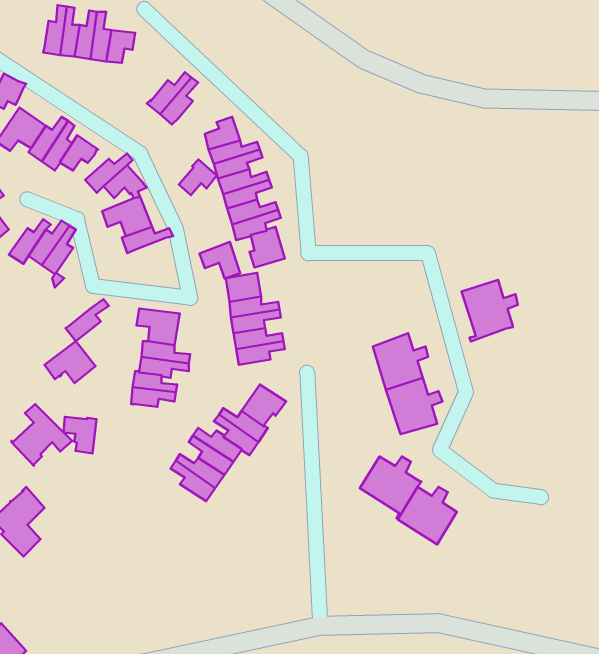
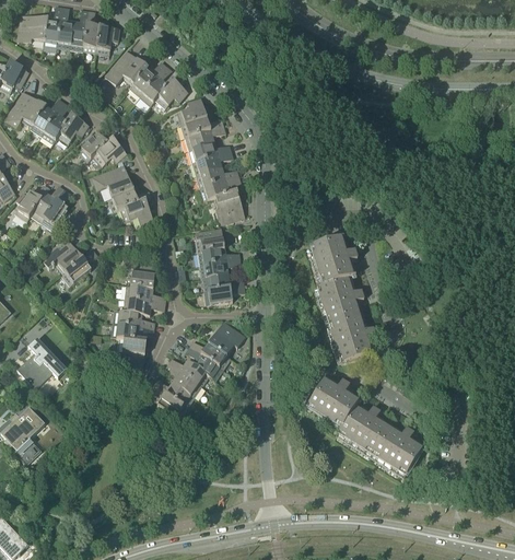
building: none -> [17,13,48,42]
building: none -> [105,49,148,84]
building: [179,160,217,195] -> [156,78,188,107]
building: [200,242,240,279] -> [121,198,155,229]
building: [461,280,518,342] -> [311,237,358,289]
building: [44,341,96,383] -> [40,236,83,271]
building: [64,417,96,453] -> [119,337,147,368]
building: none -> [372,427,422,475]

